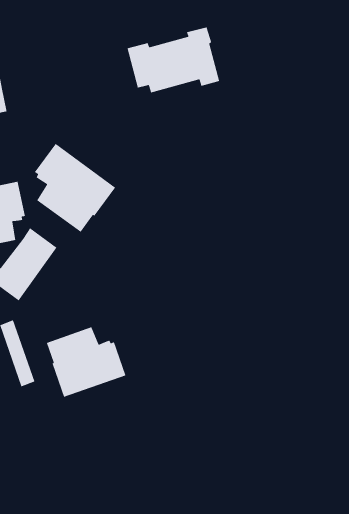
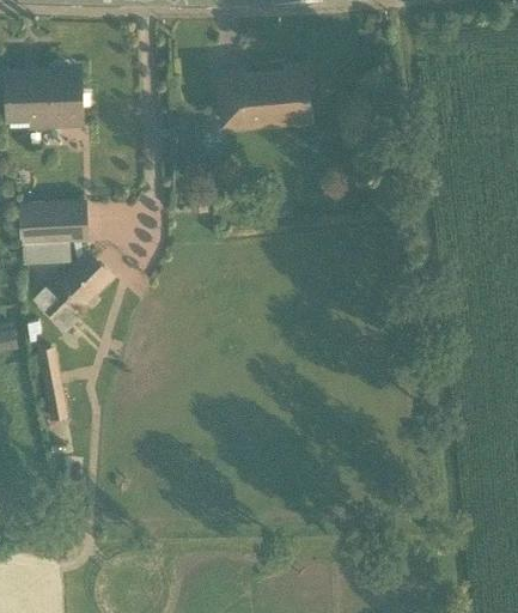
building: [34,143,116,233] -> none
building: [46,326,127,398] -> none

